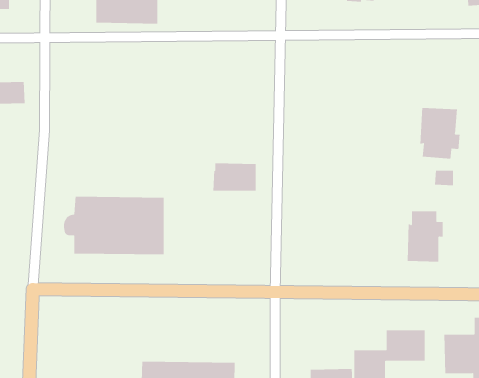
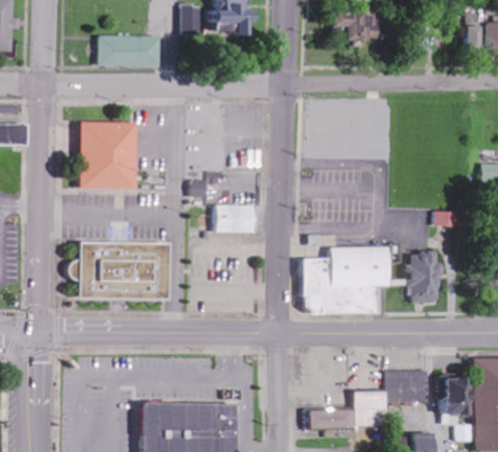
building: none -> [77,121,134,188]
building: [420,107,460,160] -> none
building: none -> [305,248,391,316]

